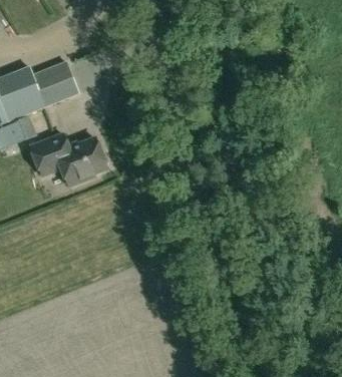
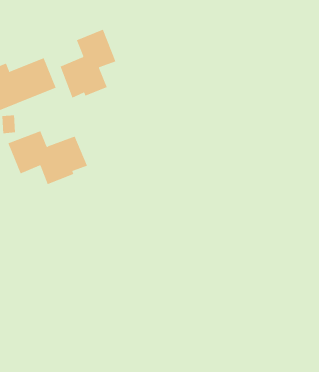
building: none -> [60,29,116,98]

